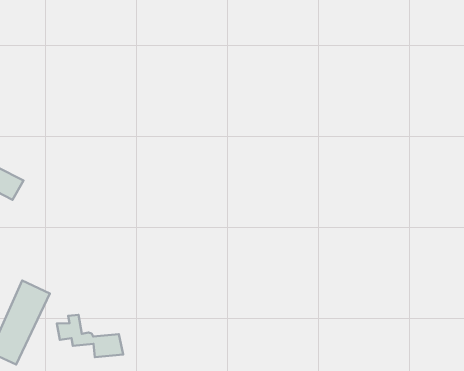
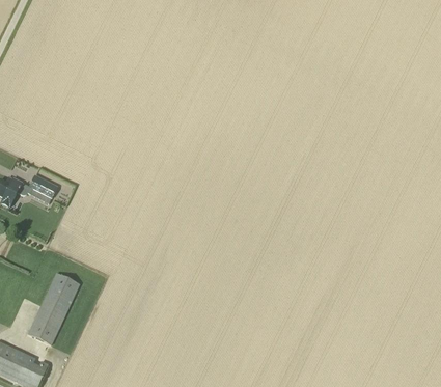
building: [57,315,123,357] -> none

